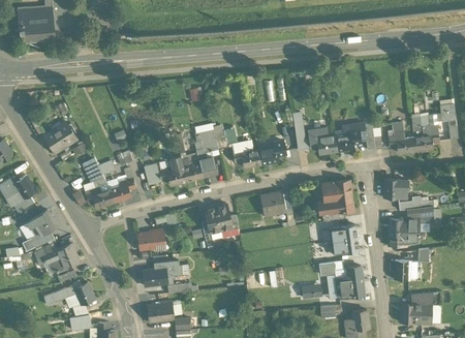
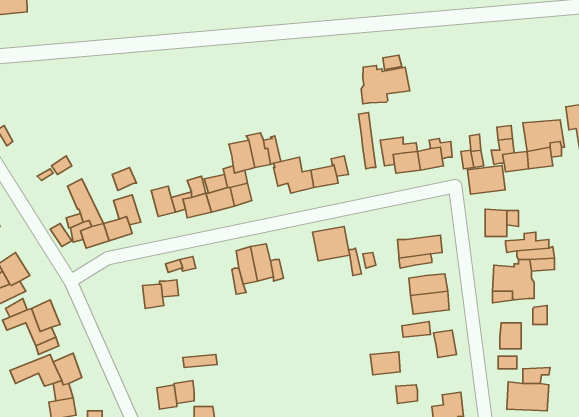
building: none -> [361,65,410,104]
building: [44,124,76,153] -> none
building: [324,180,351,201] -> [468,165,505,194]
building: [143,260,183,286] -> none
building: [336,277,364,298] -> none

